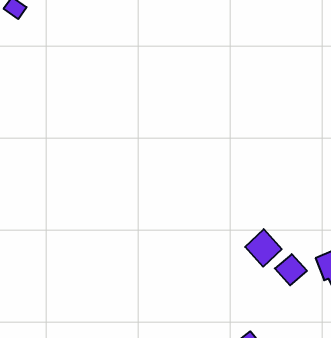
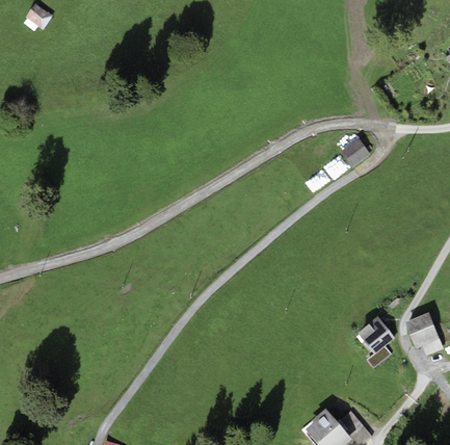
building: none -> [341,136,370,165]
building: [245,229,282,267] -> none

